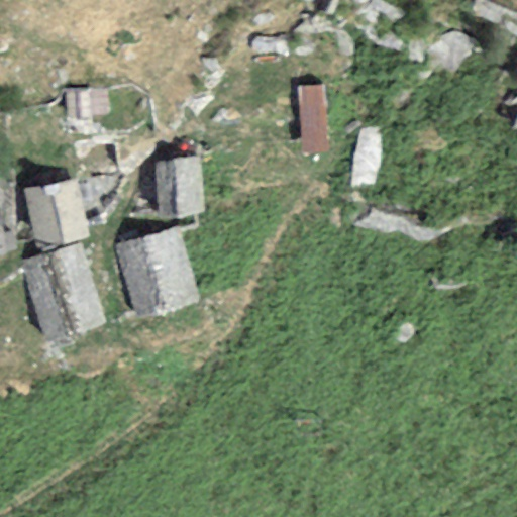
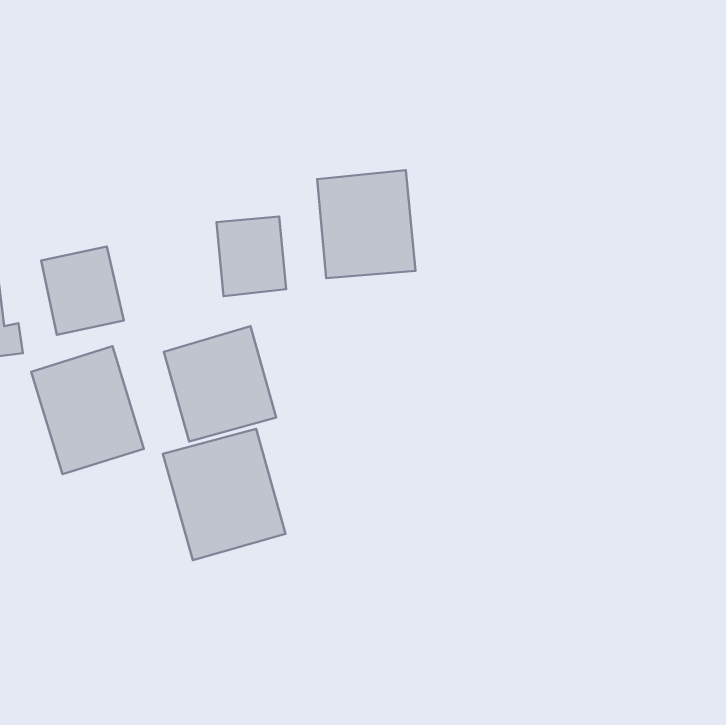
building: none -> [317,170,415,278]
building: none -> [163,429,285,560]

